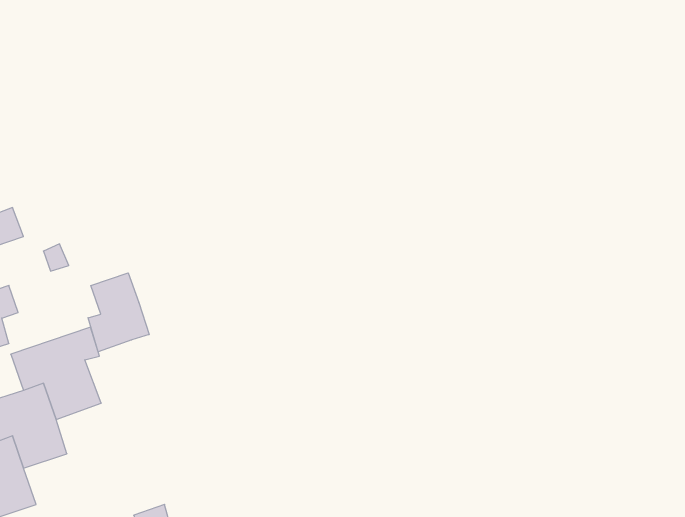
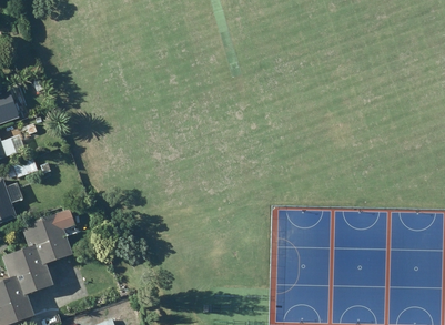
building: [88,273,149,352] -> none

